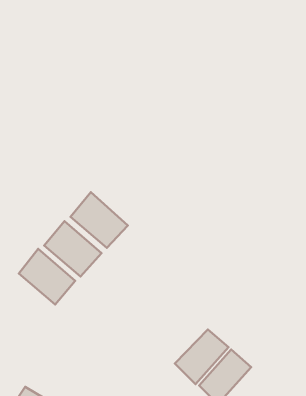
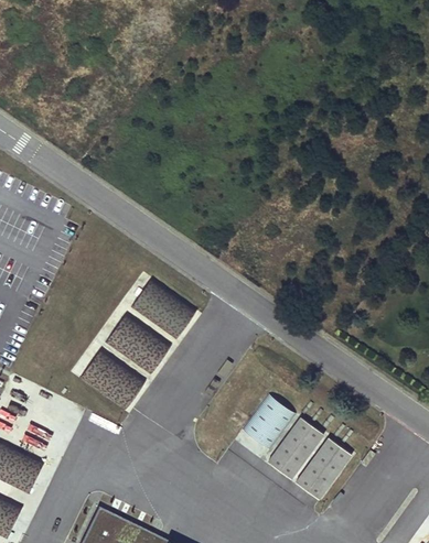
building: none -> [242,394,293,449]

